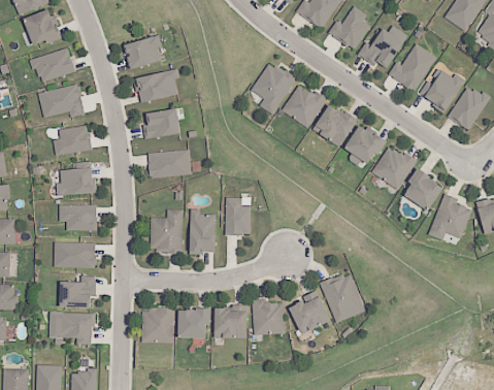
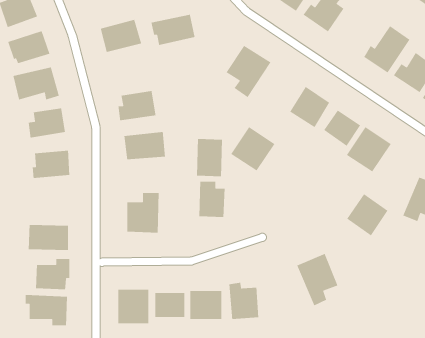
building: [357,27,404,67] -> none
building: [132,70,177,102] -> [150,14,196,46]
building: [282,83,327,128] -> [230,126,275,172]
building: [403,170,446,214] -> [346,193,389,236]
building: [59,205,96,230] -> none
building: [189,214,216,253] -> [196,138,223,177]
building: [291,290,332,334] -> none

